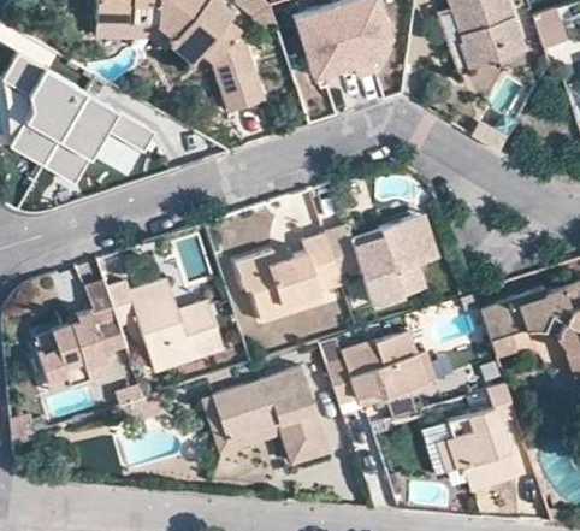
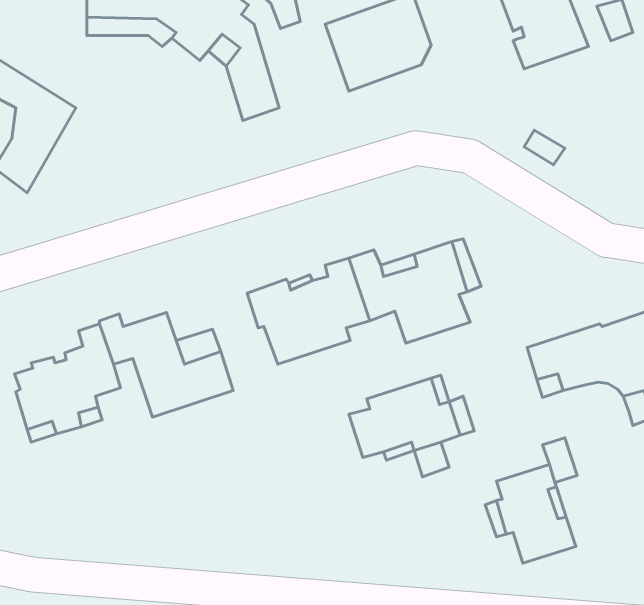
building: [46,100,161,190] -> none
building: [207,365,322,460] -> none

